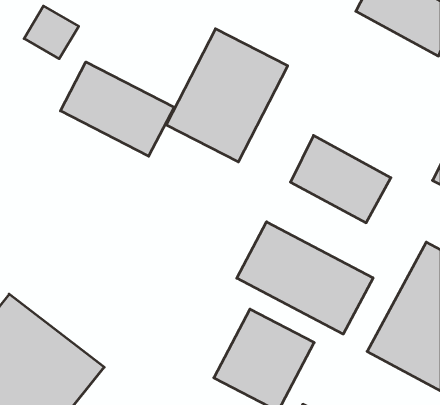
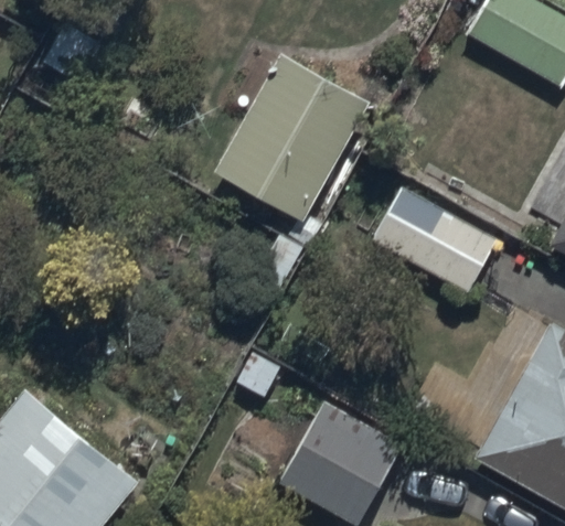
building: [60,62,174,156] -> none
building: [237,222,373,334] -> none

